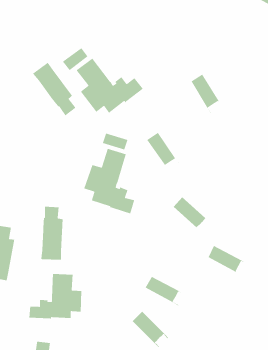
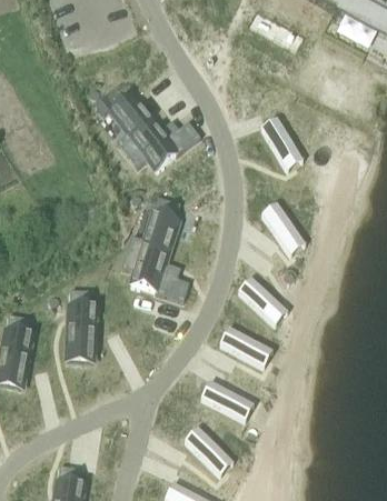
building: [32,62,76,116] -> none
building: [146,132,180,171] -> [261,203,306,254]
building: [208,245,248,276] -> [220,327,272,367]
building: [29,273,82,320] -> none

